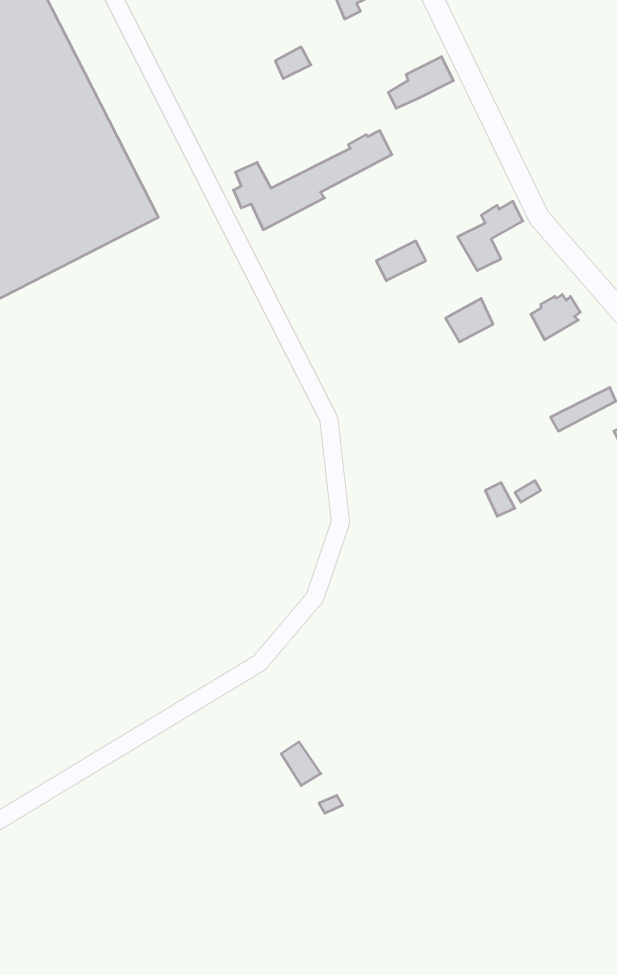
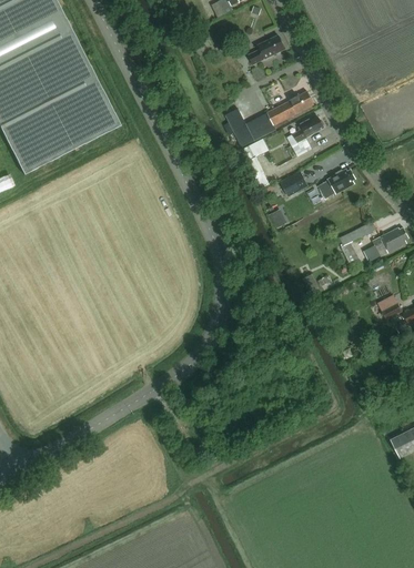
building: [233,131,392,230] -> [225,91,314,146]

